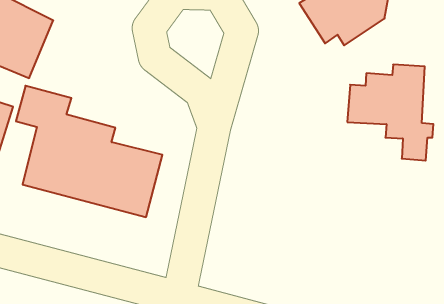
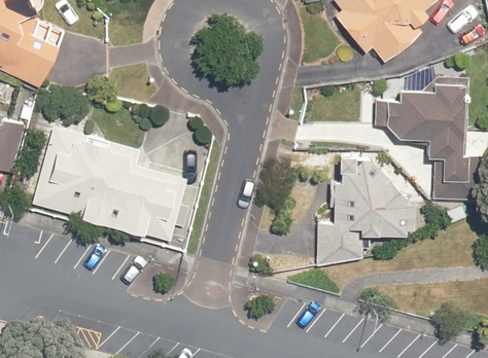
building: none -> [312,155,416,263]

